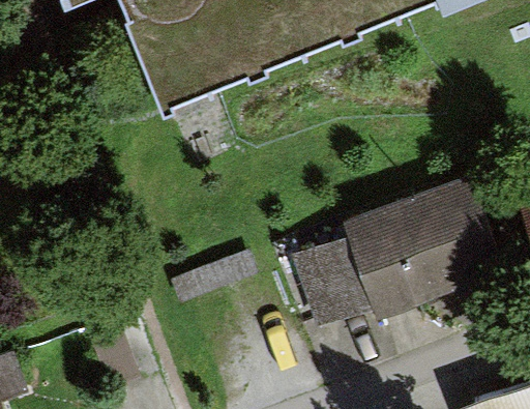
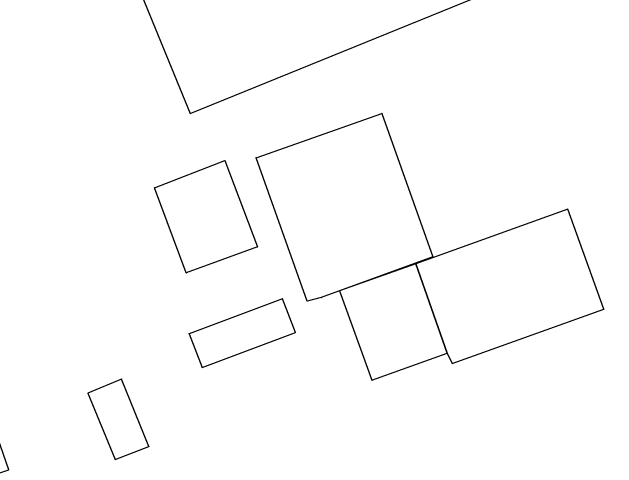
building: none -> [256,113,433,301]
building: none -> [155,161,257,273]

